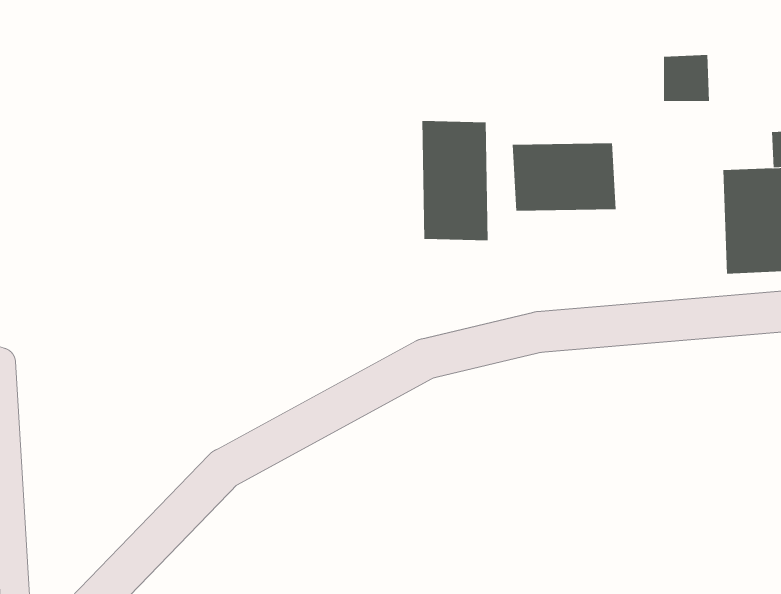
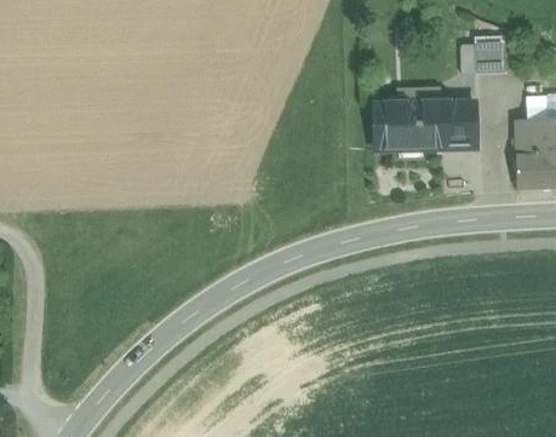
building: [422,120,488,241] -> none
building: none -> [441,92,476,146]

